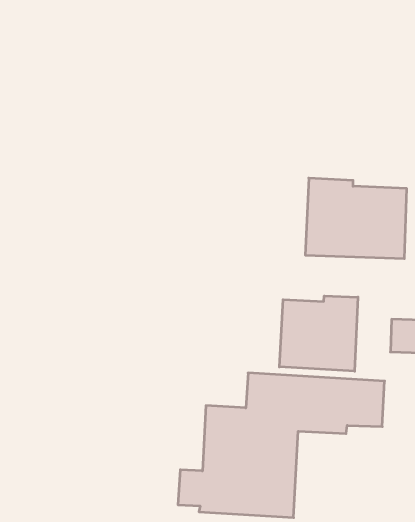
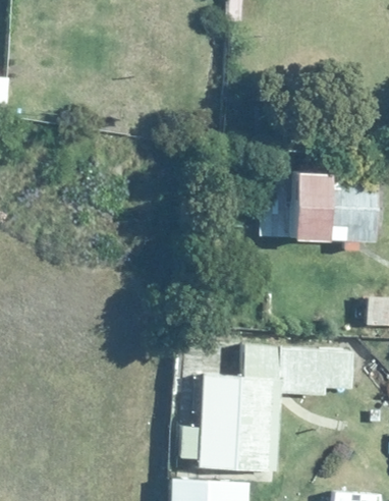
building: [279,296,358,371] -> none

